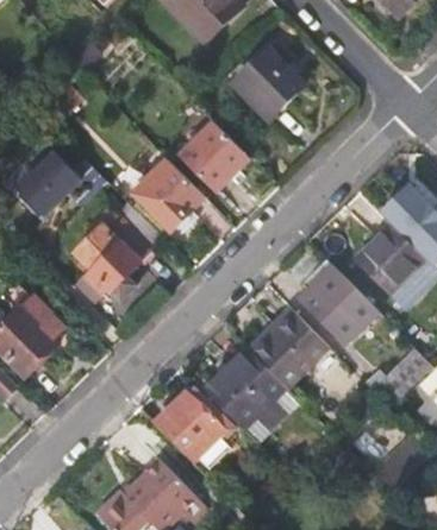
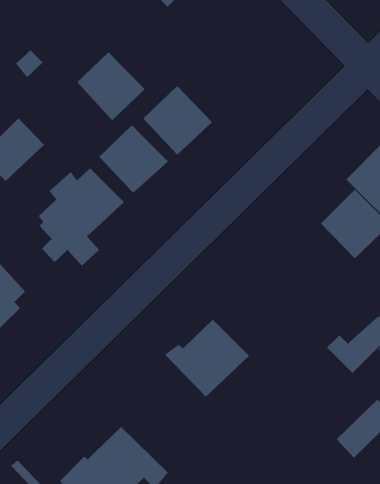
building: [232,49,305,121] -> none
building: none -> [77,51,146,121]
building: [300,258,377,341] -> none
building: [246,311,331,391] -> none
building: [150,389,236,463] -> none

